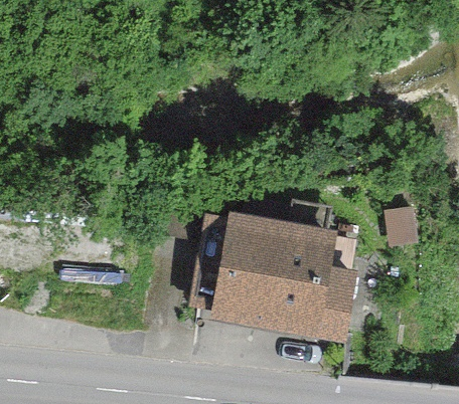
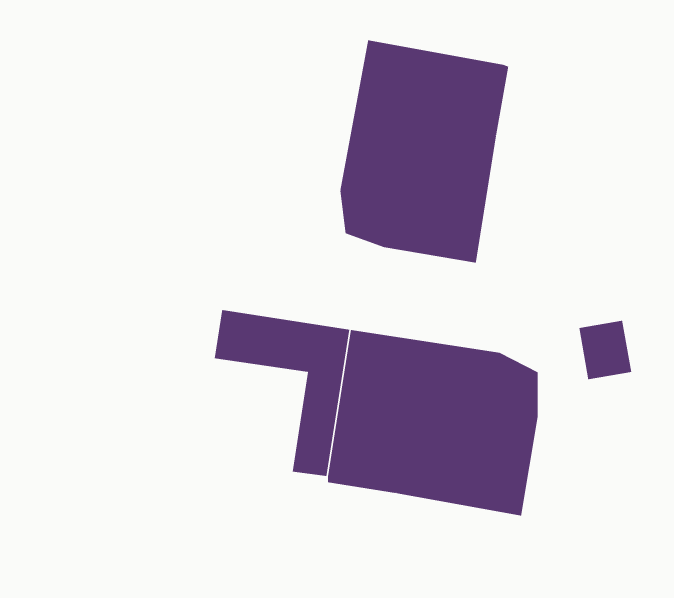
building: none -> [340,39,509,264]

